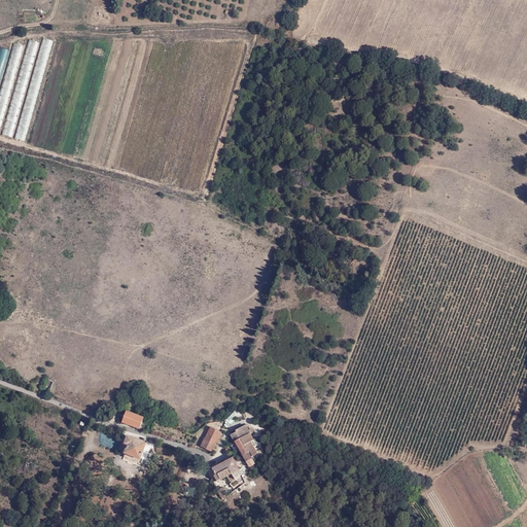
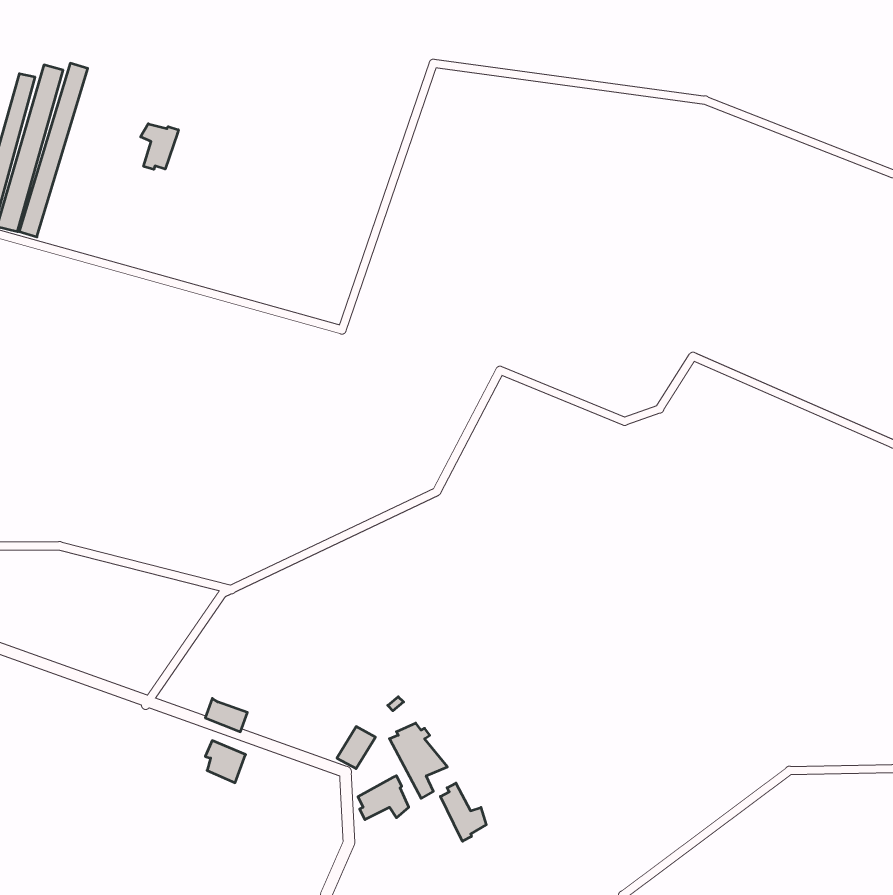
building: none -> [141,124,178,169]
building: none -> [440,783,486,841]

